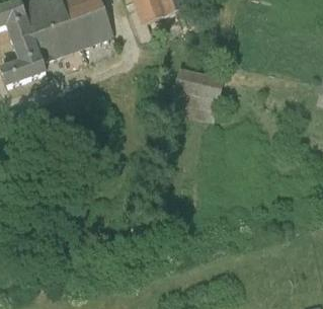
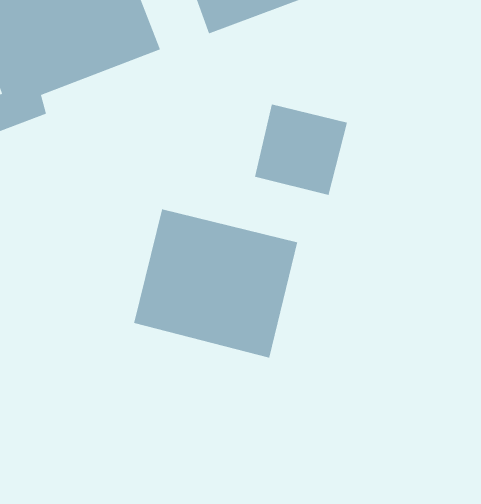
building: none -> [133,209,298,358]

